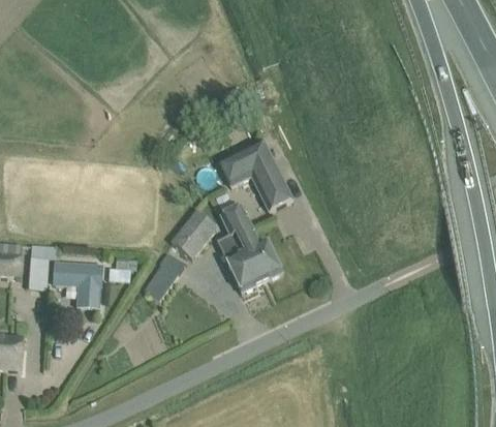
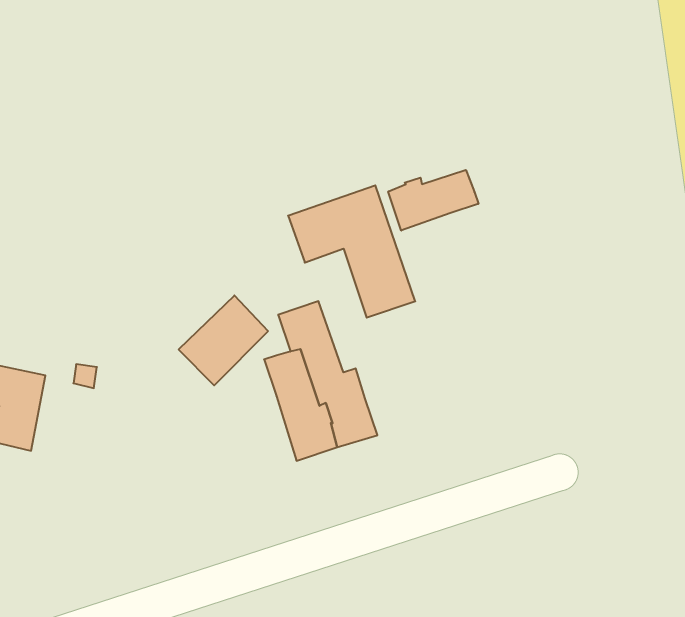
building: none -> [388,170,478,231]
building: [145,251,185,300] -> none

